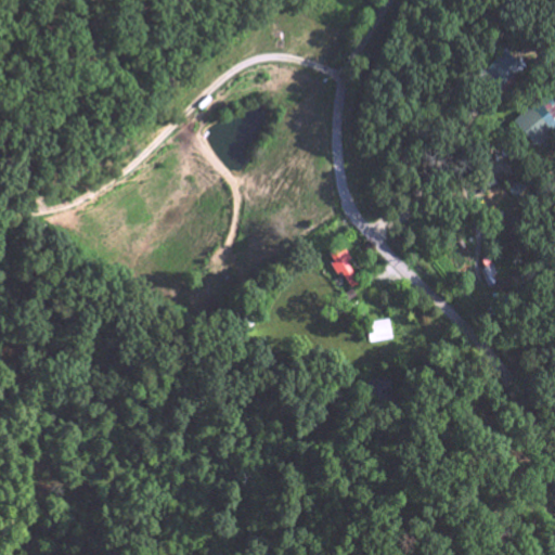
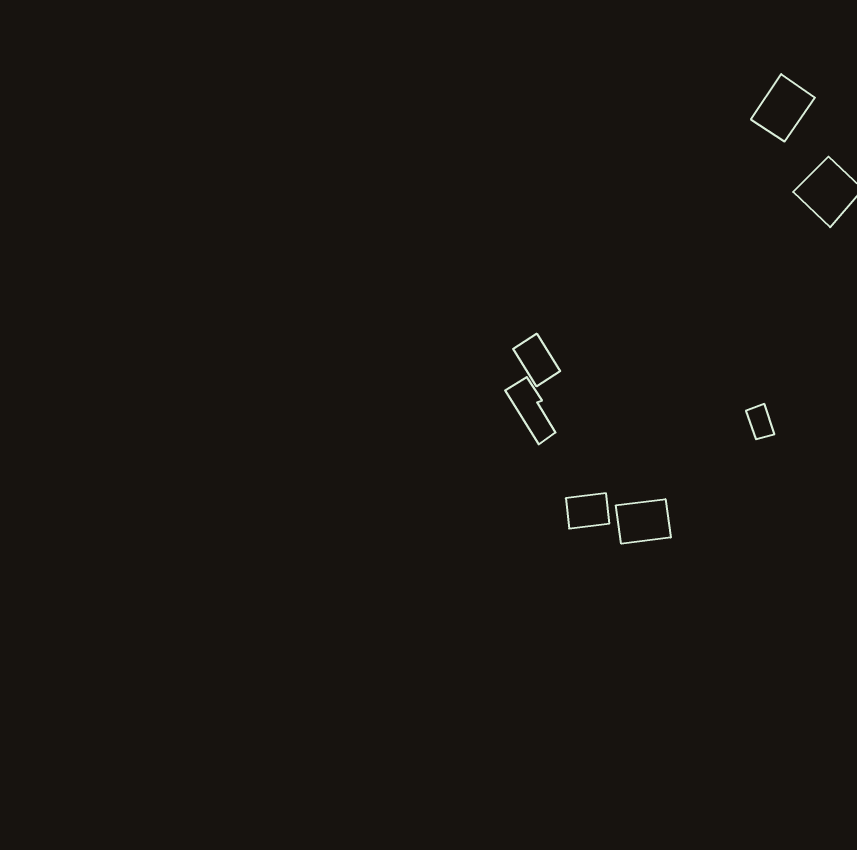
building: none -> [513,334,560,386]
building: none -> [616,499,671,544]

